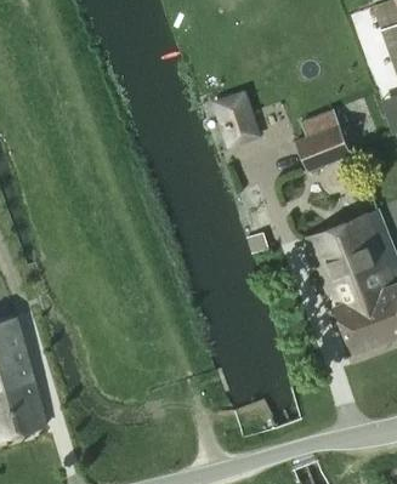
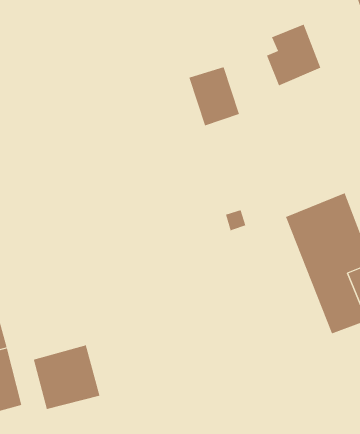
building: [296,109,351,171] -> [266,24,321,86]
building: none -> [33,345,100,410]

